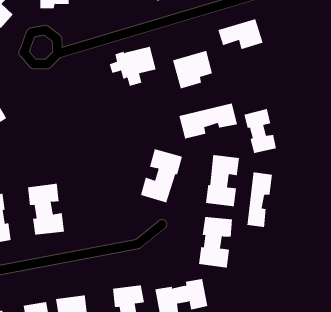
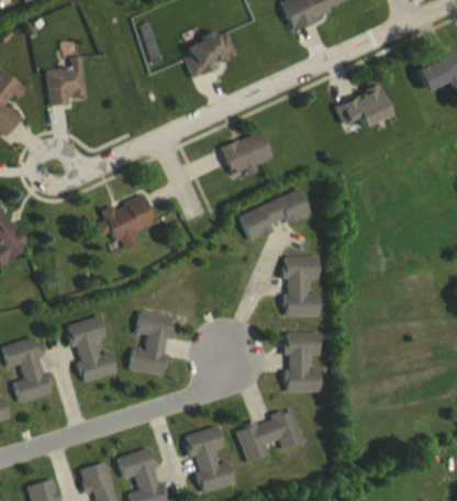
building: [217,19,263,50] -> [335,86,393,126]
building: [109,46,157,87] -> [97,196,156,248]
building: [244,108,276,154] -> none
building: [140,148,183,203] -> [130,311,176,376]
building: [247,171,273,228] -> none

